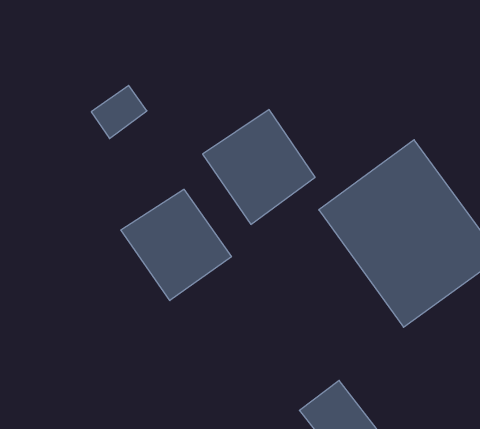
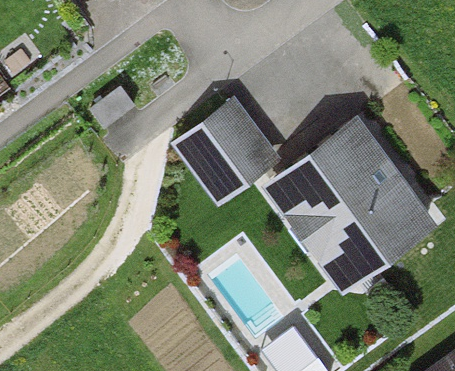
building: [121,189,231,301] -> none

